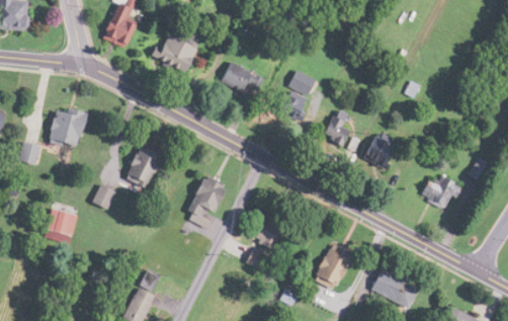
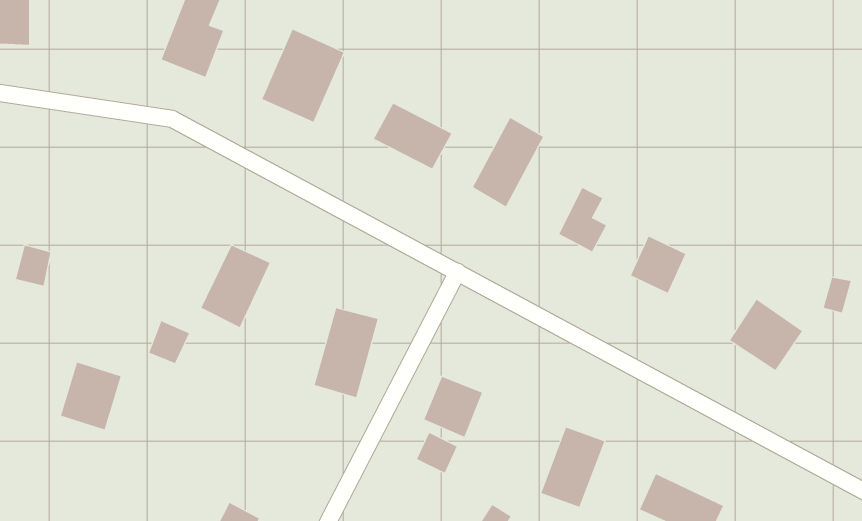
building: [49,107,83,146] -> none

